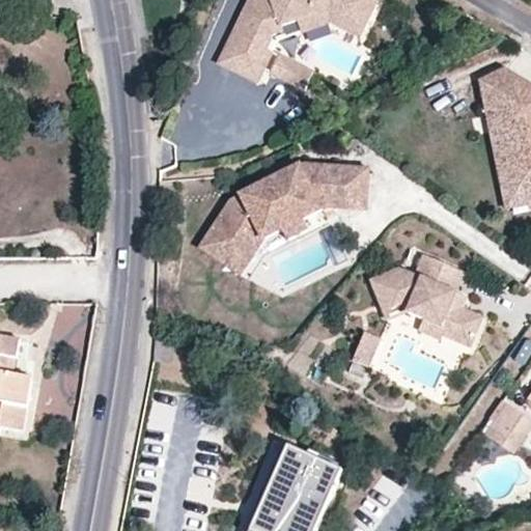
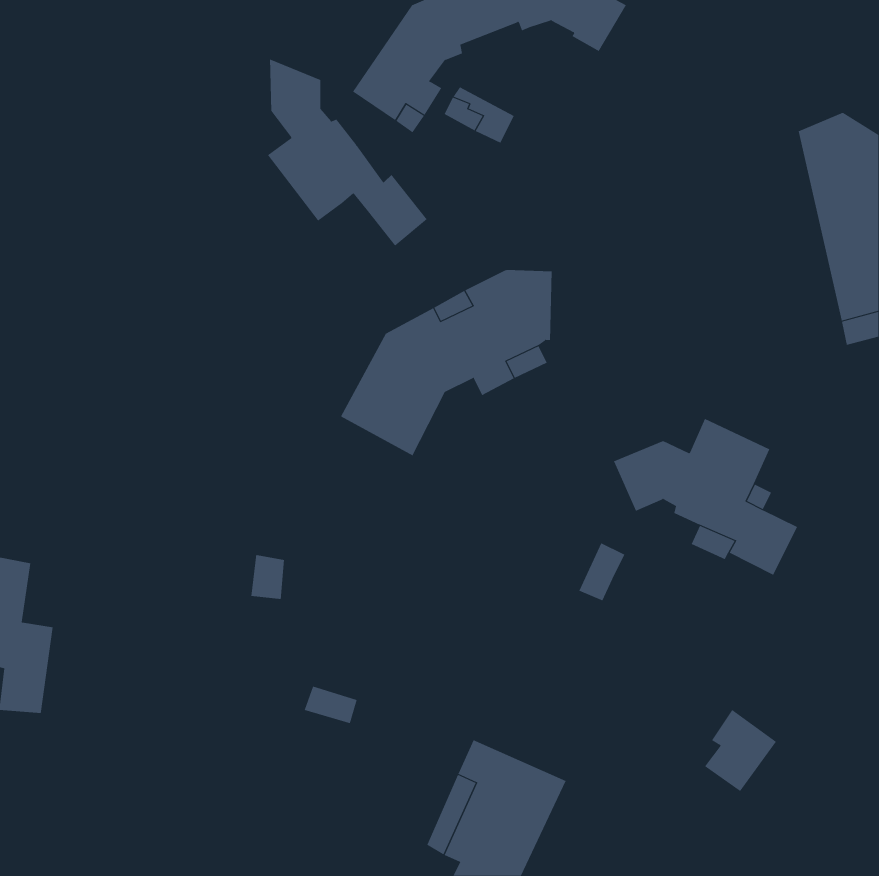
building: [258,12,360,53] -> none
building: none -> [267,59,428,247]
building: [331,163,368,206] -> none
building: [480,401,524,451] -> [704,709,777,792]

